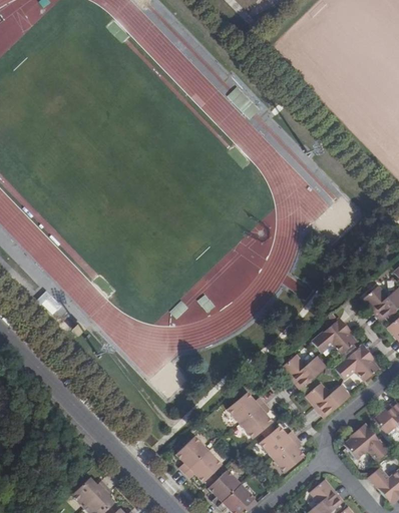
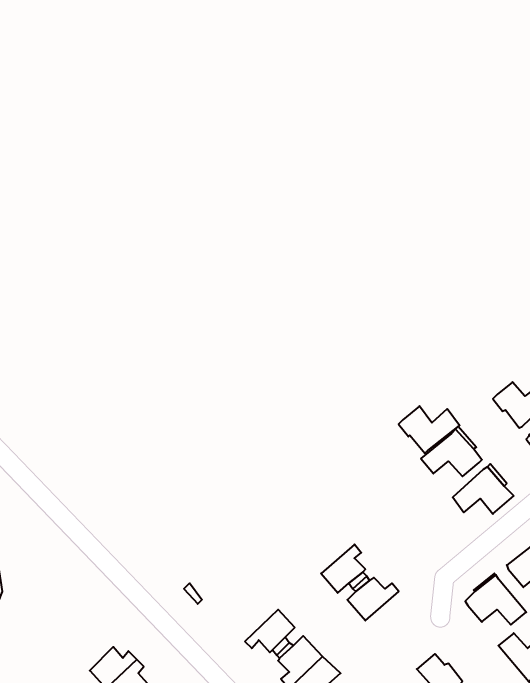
building: [282,354,326,388] -> [399,406,460,453]
building: [306,383,350,416] -> none
building: [227,393,264,424] -> none
building: [175,436,209,473] -> none
building: [272,437,303,472] -> none

